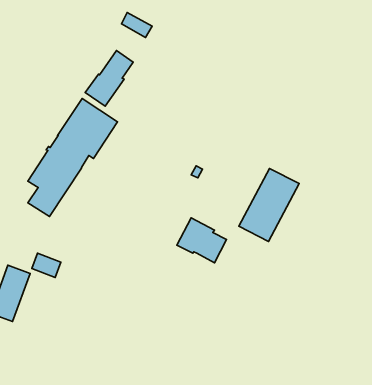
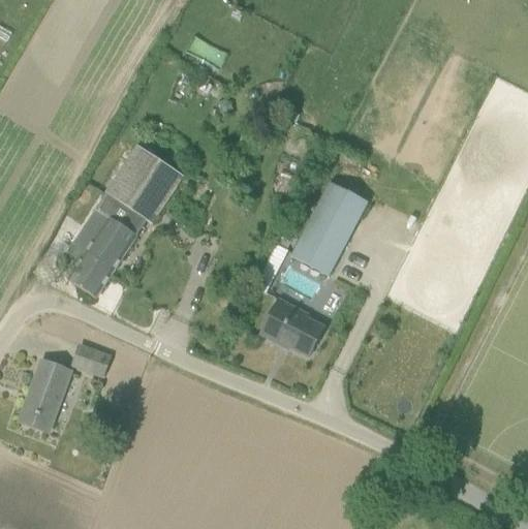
building: [85,50,133,106] -> none
building: [239,168,299,241] -> [290,181,368,275]

